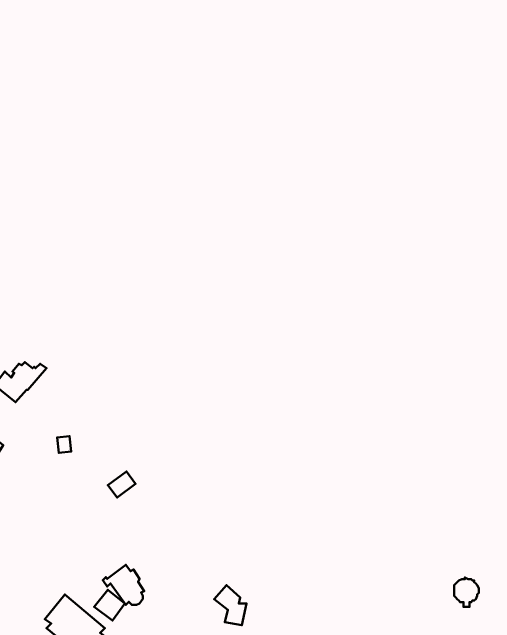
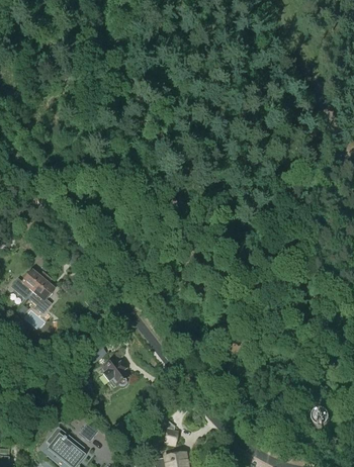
building: none -> [28,276,54,313]
building: [103,565,144,605] -> [100,359,127,385]

